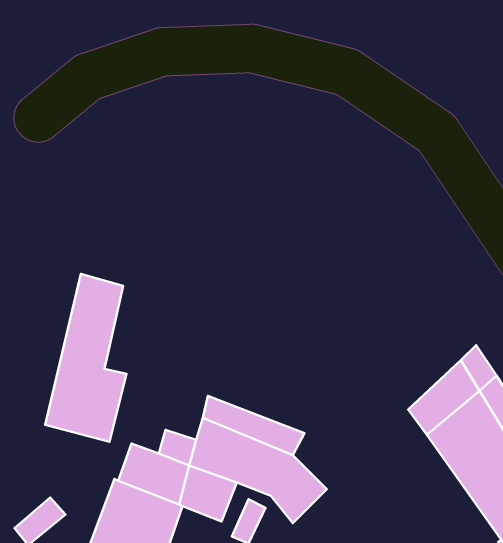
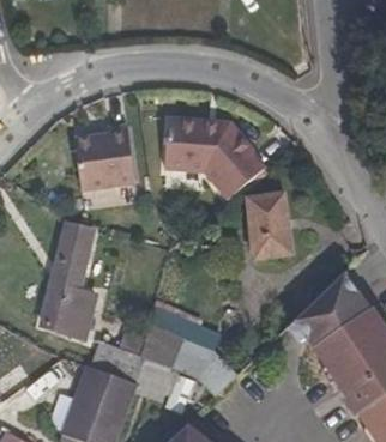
building: none -> [159,107,265,199]
building: none -> [73,127,132,192]
building: none -> [246,190,294,259]

